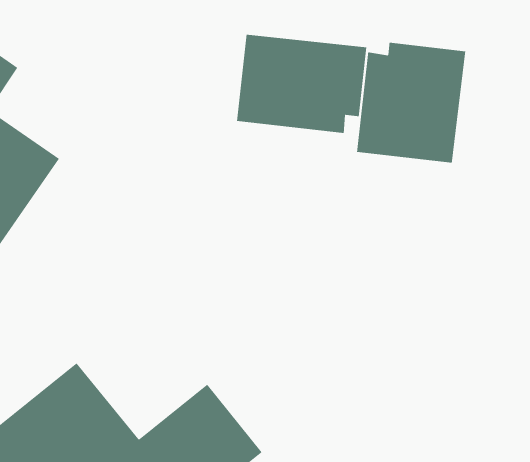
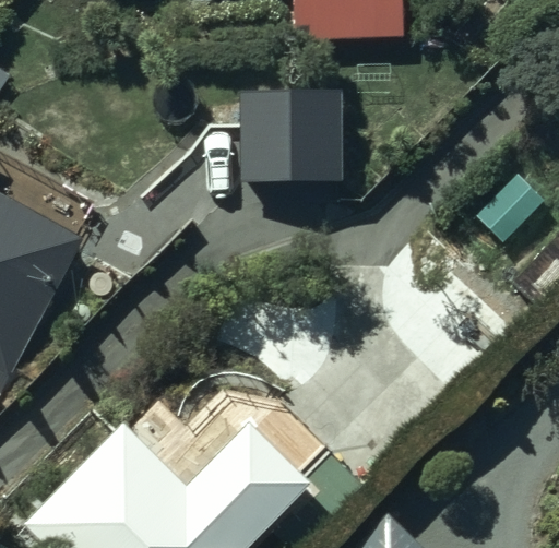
building: [357,42,466,163] -> none

